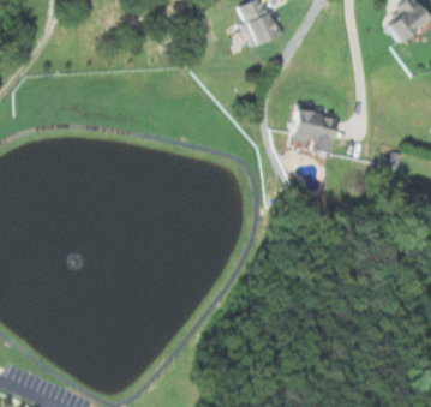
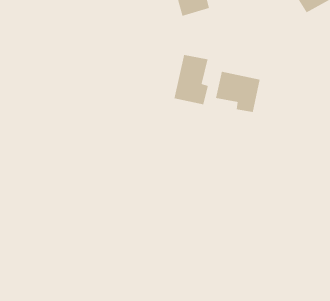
building: none -> [174,54,208,105]

